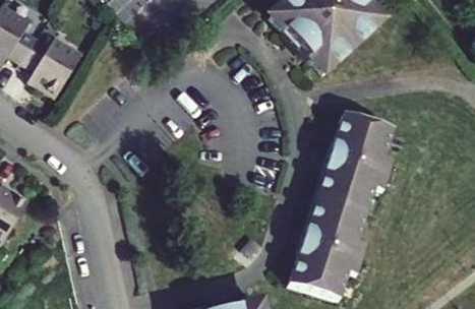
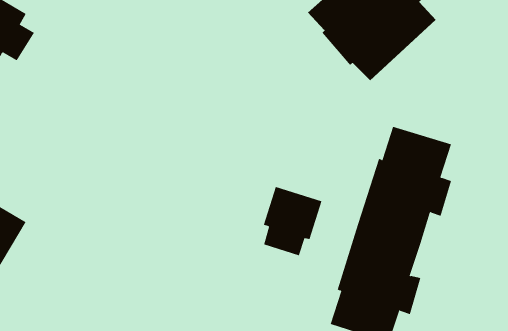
building: [19,34,81,94] -> none
building: none -> [263,186,322,256]

